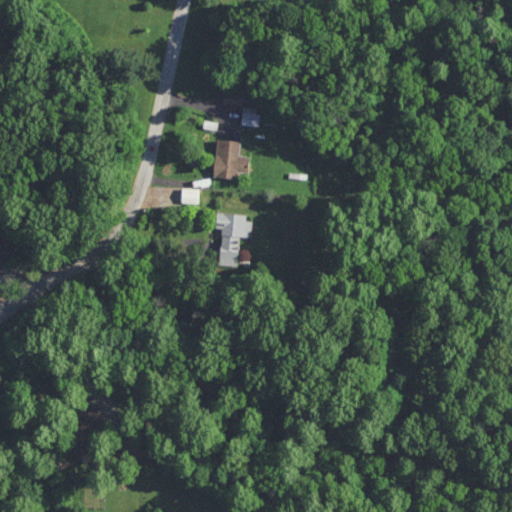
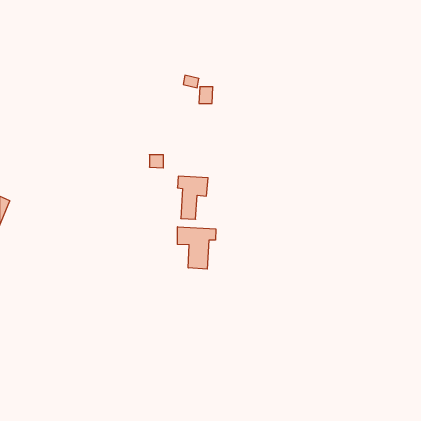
building: [214,141,249,179] -> none
building: none -> [177,227,216,269]

